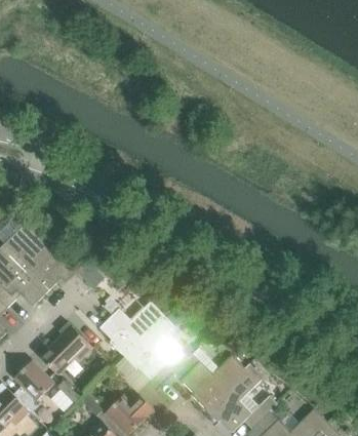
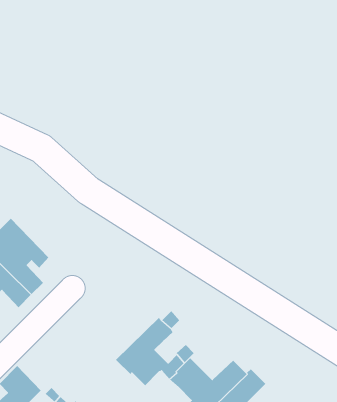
building: [100,298,164,356] -> none
building: [40,327,93,375] -> none

